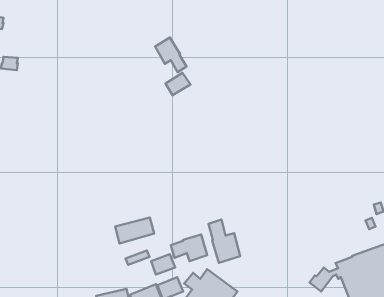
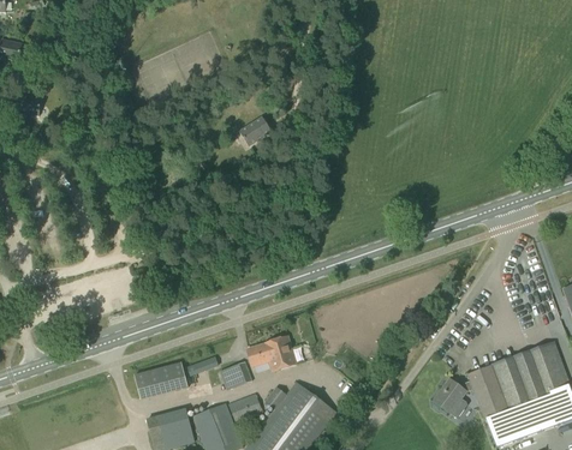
building: [155,38,186,72] -> none
building: [115,218,154,243] -> [135,362,187,397]
building: [209,219,240,263] -> none

